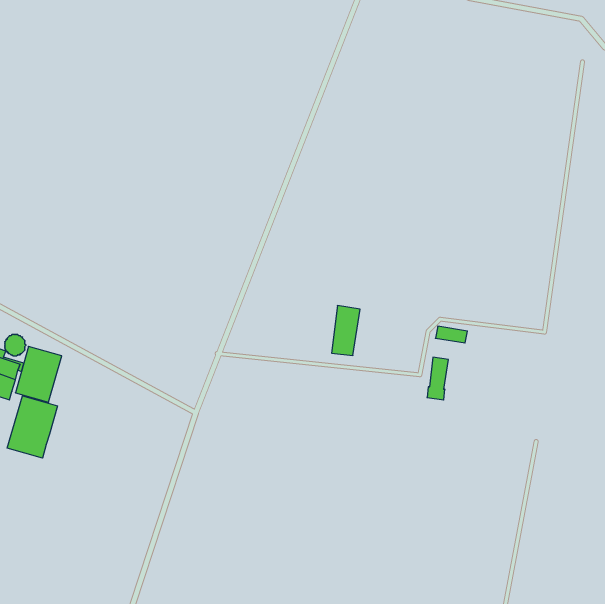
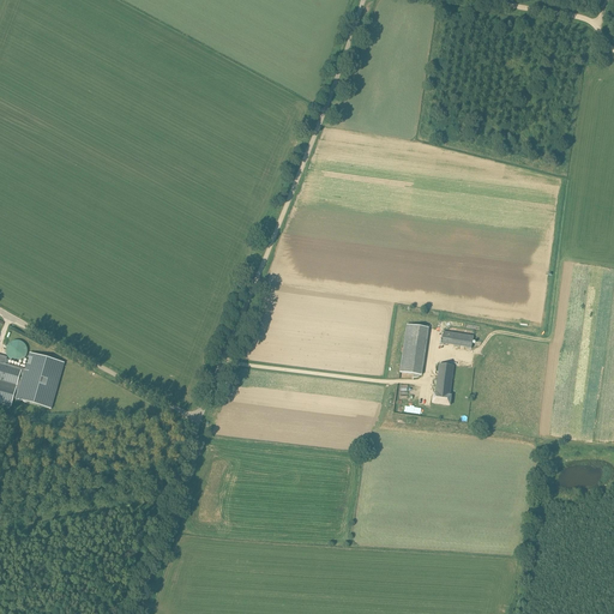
building: [332,306,360,355] -> [399,323,428,373]
building: [7,396,58,458] -> none

